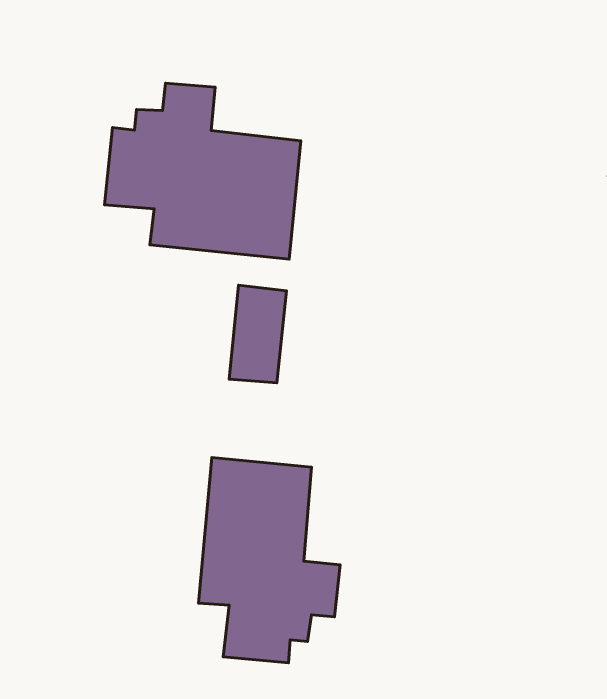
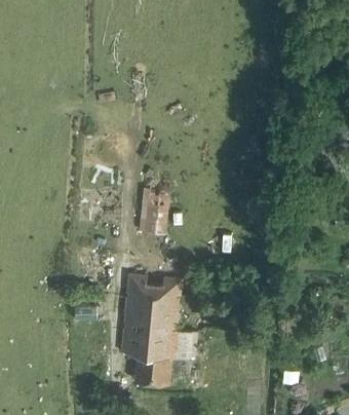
building: [105,83,301,259] -> none

